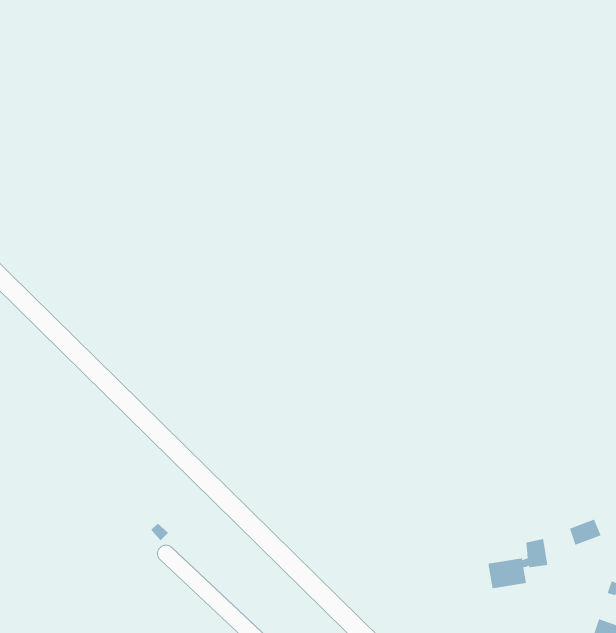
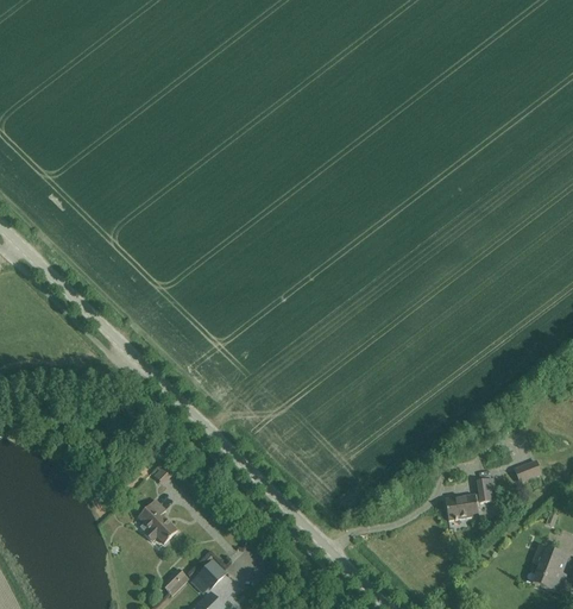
building: none -> [137,498,177,542]

